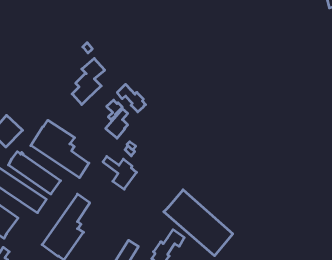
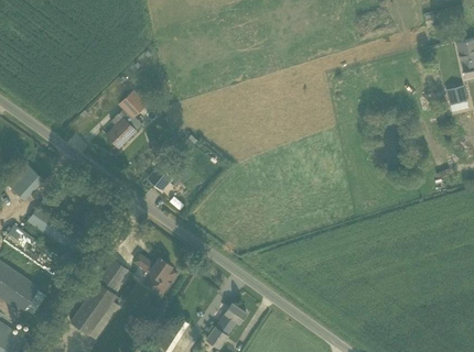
building: [117,84,146,112] -> none
building: [31,120,89,178] -> none
building: [103,156,137,189] -> [134,254,176,295]
building: [164,190,233,256] -> none

